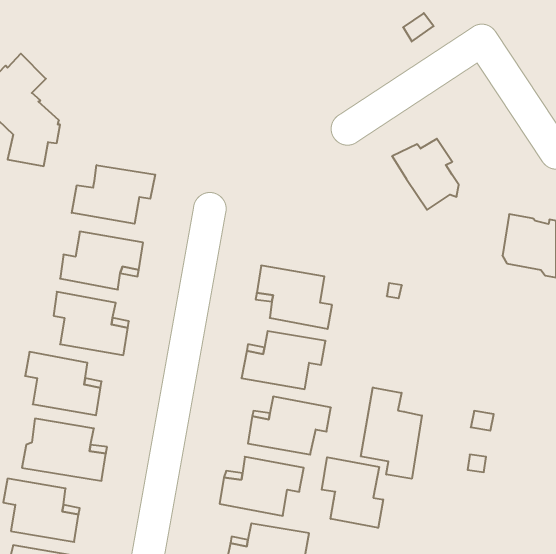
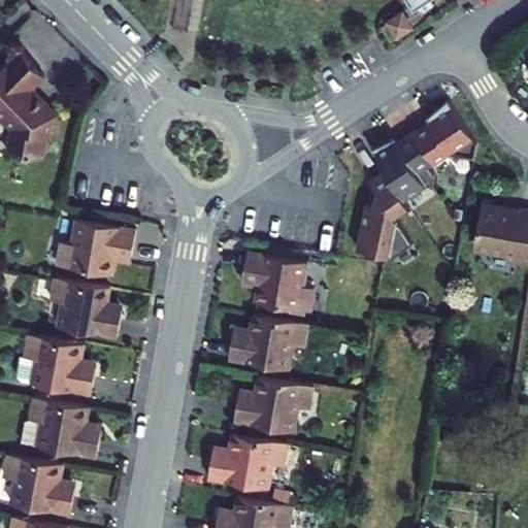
building: none -> [412,101,472,169]
building: [72,165,155,224] -> none
building: none -> [357,173,411,261]
building: [361,387,422,479] -> none
building: [322,457,383,528] -> none

